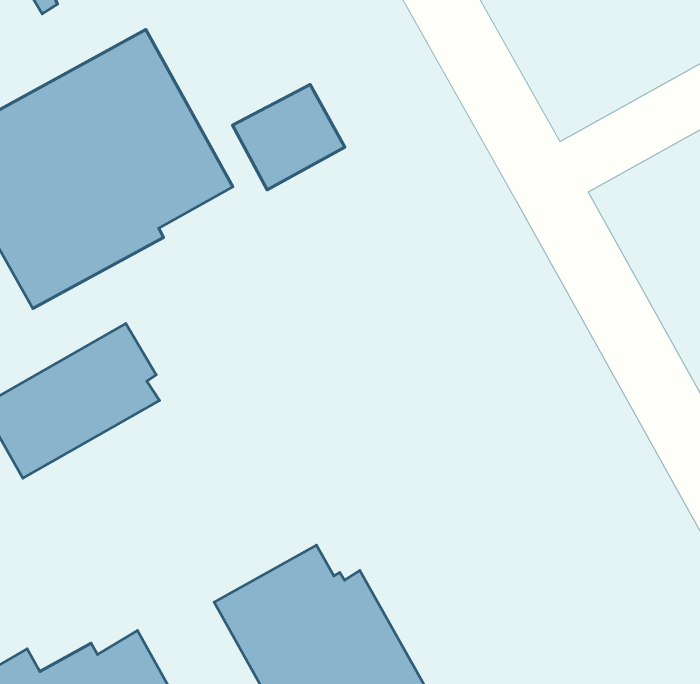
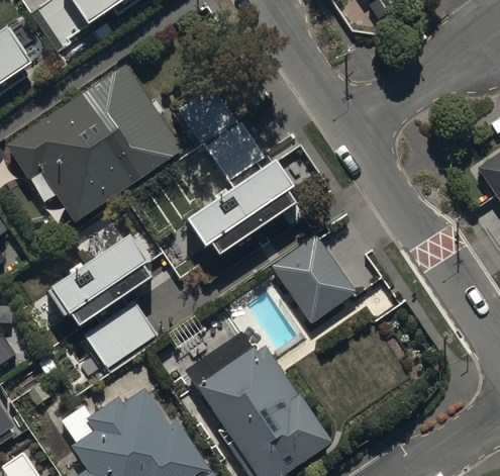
building: none -> [190,116,302,255]
building: none -> [274,242,359,331]
building: none -> [86,297,159,366]

